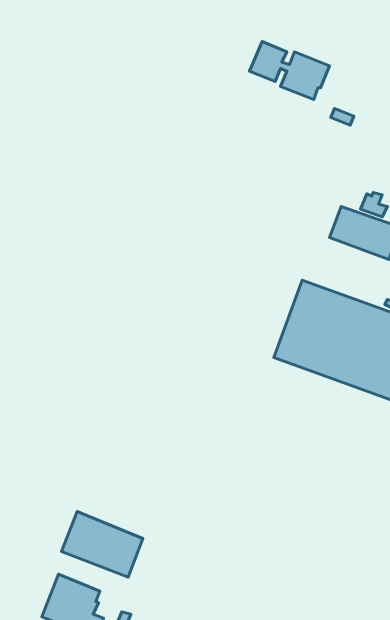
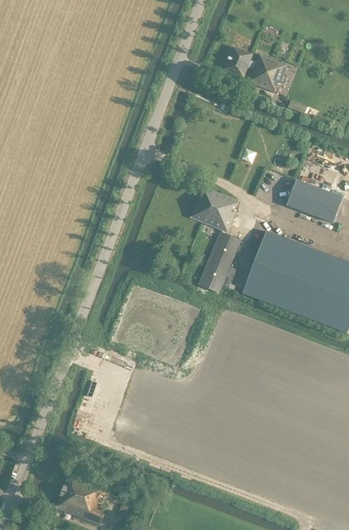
building: none -> [191,184,240,291]
building: [62,512,143,577] -> none

